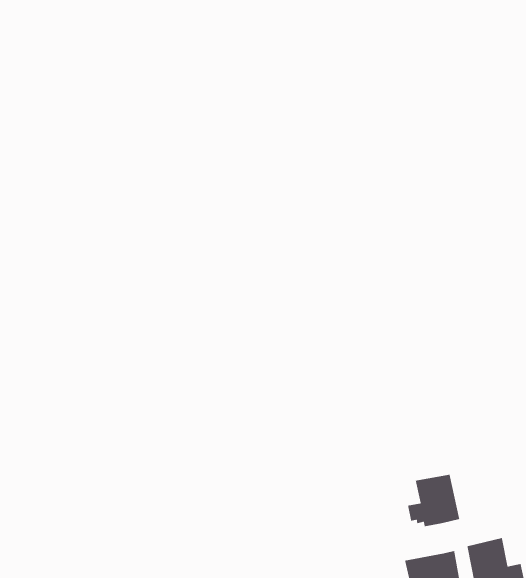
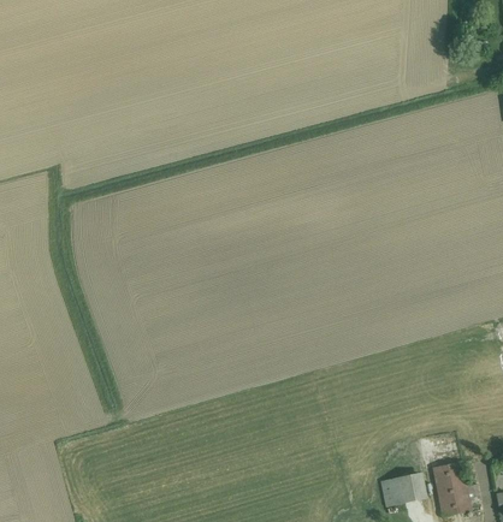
building: [407,474,460,527] -> none

